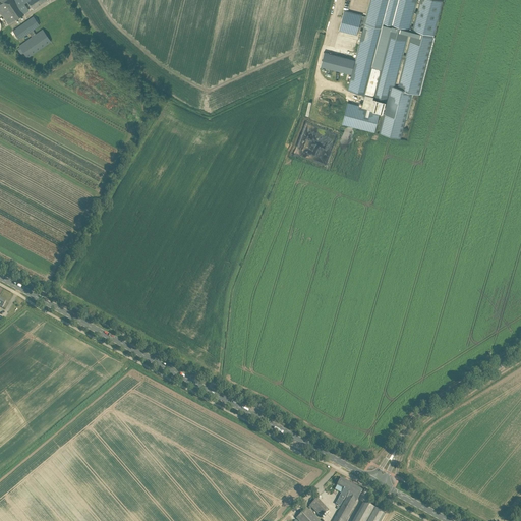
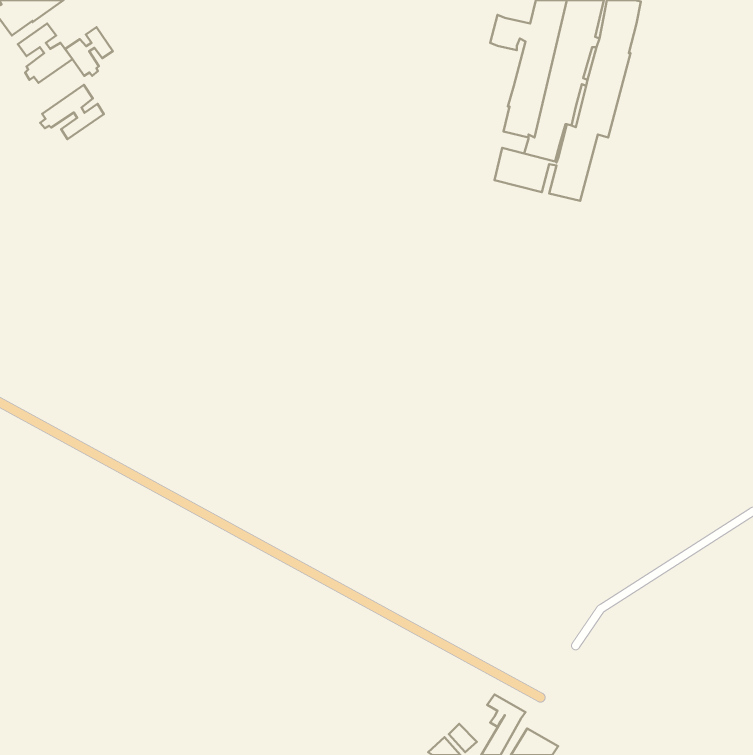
building: none -> [65,27,113,76]
building: [320,52,354,73] -> none
building: none -> [40,85,104,139]

